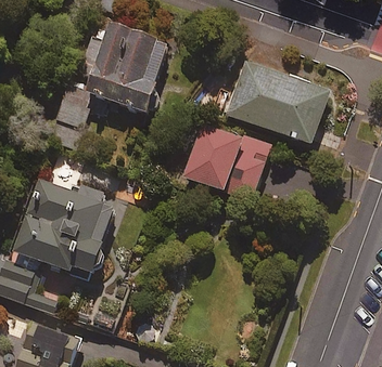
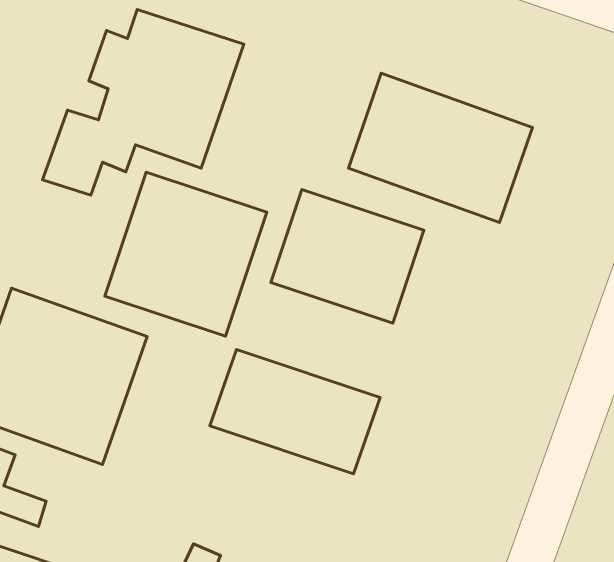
building: none -> [105,172,267,336]
building: none -> [210,350,380,474]

